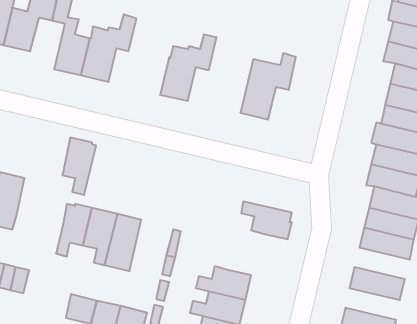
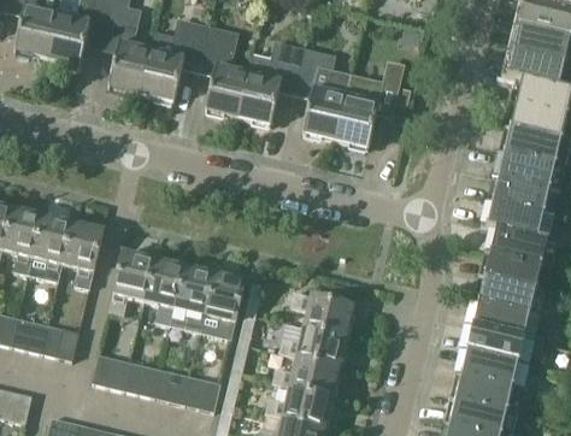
building: none -> [196,25,246,118]
building: none -> [294,48,343,140]
building: [62,137,96,195] -> [60,219,101,289]
building: [241,201,292,239] -> [289,291,351,337]
building: none -> [198,270,243,340]
building: none -> [465,302,538,342]
building: none -> [460,353,517,389]
building: none -> [90,354,126,389]

